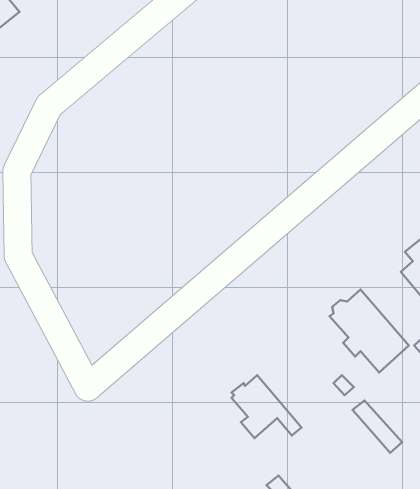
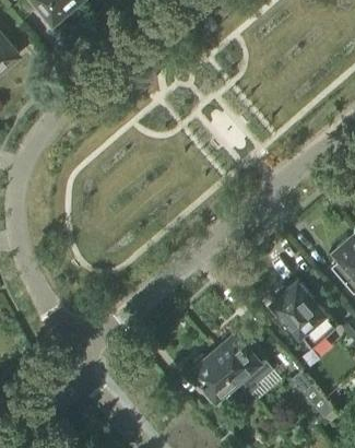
building: none -> [213,334,272,396]

